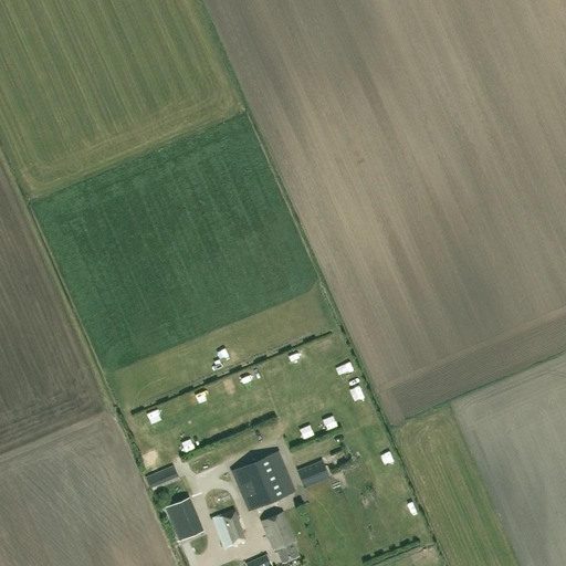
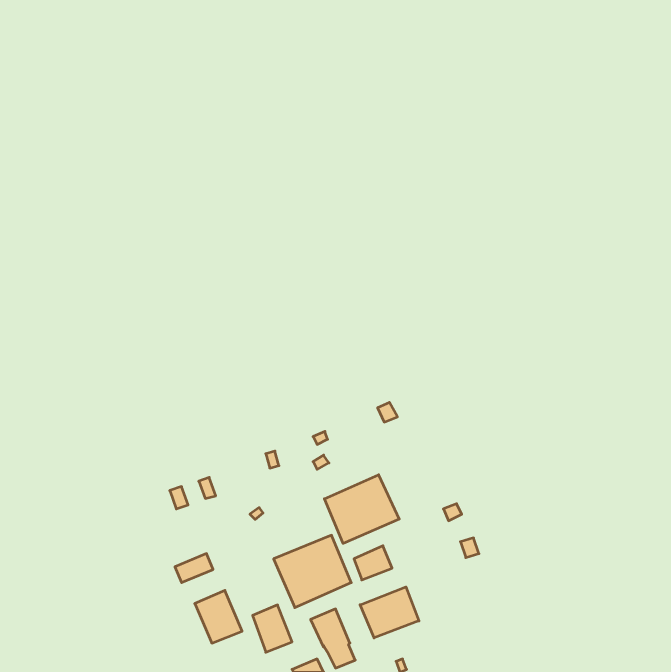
building: none -> [324,475,399,543]
building: none -> [360,587,419,638]

